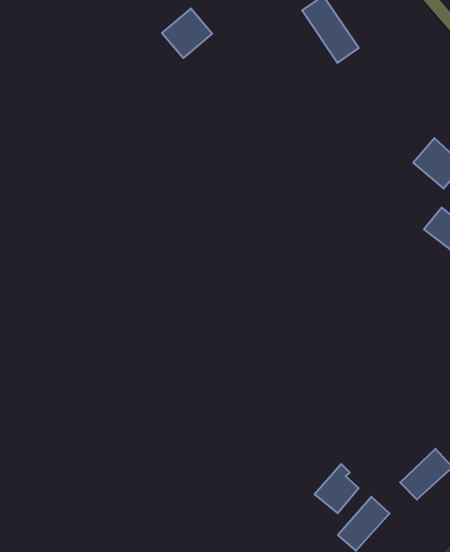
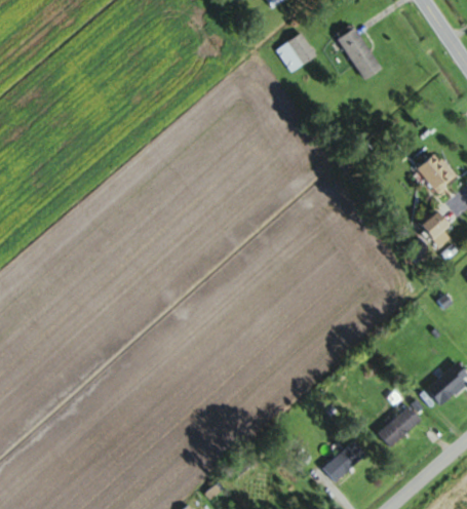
building: [162,8,212,58] -> [275,34,316,74]
building: [315,464,359,513] -> none

